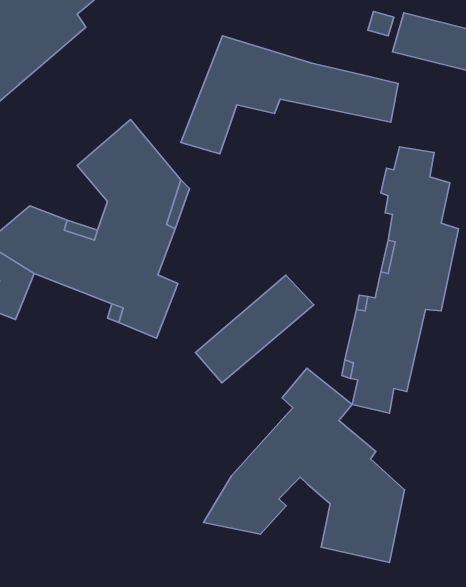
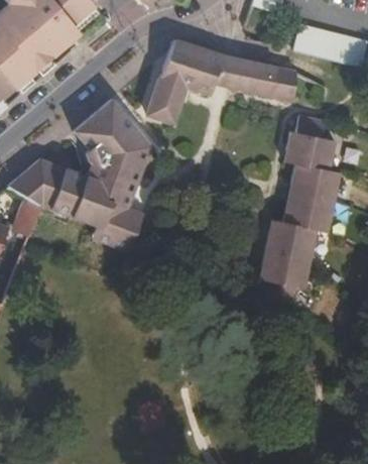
building: [195,275,314,383] -> none
building: [204,368,404,563] -> none

